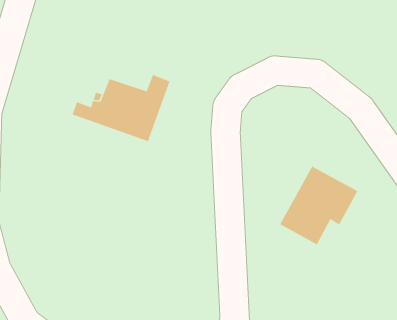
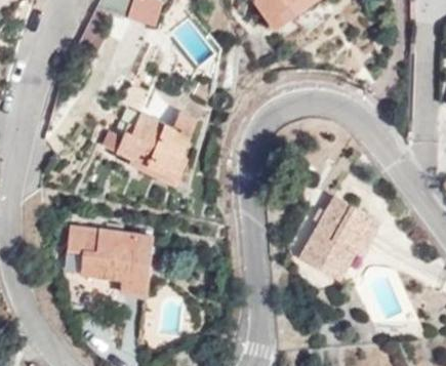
building: none -> [66,226,153,295]

